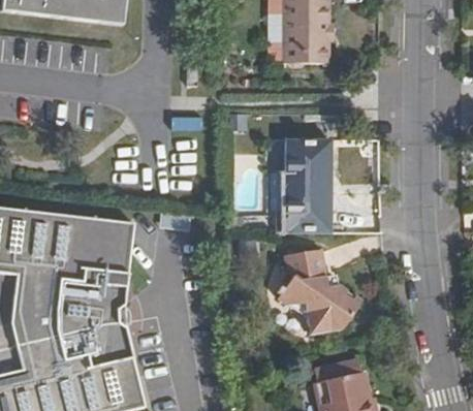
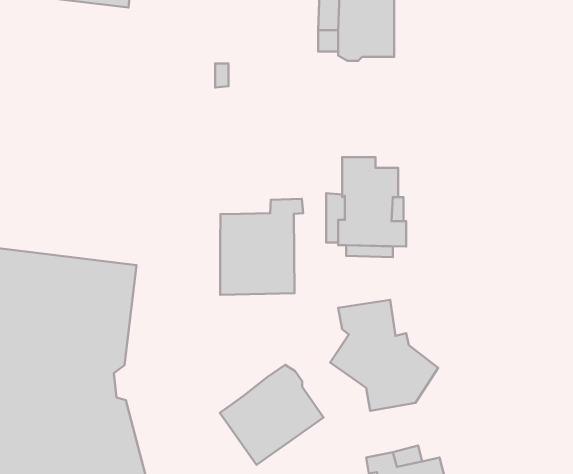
building: none -> [220,199,303,295]
building: none -> [220,365,324,465]

